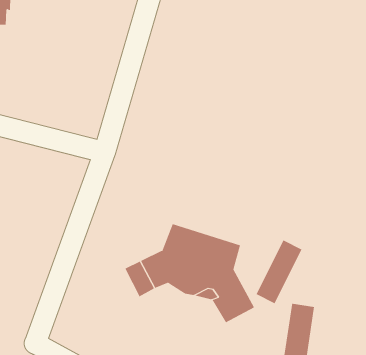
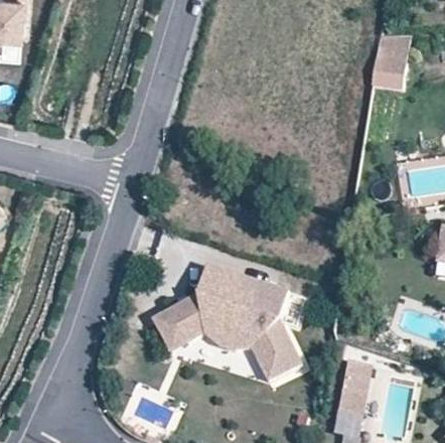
building: none -> [372,33,408,90]
building: [256,240,302,304] -> none

